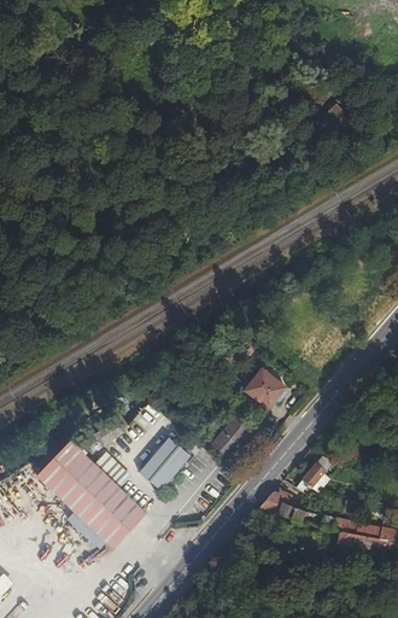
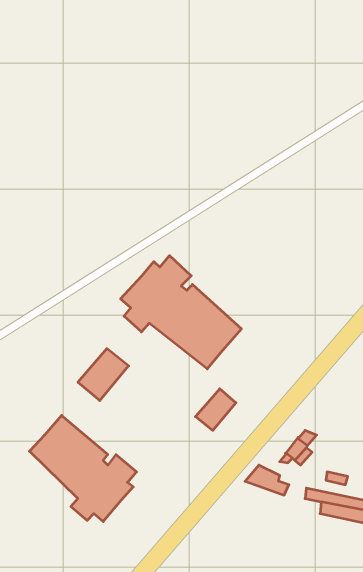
building: none -> [121,256,241,369]
building: [245,367,285,407] -> none
building: [139,437,192,491] -> [78,349,129,401]

